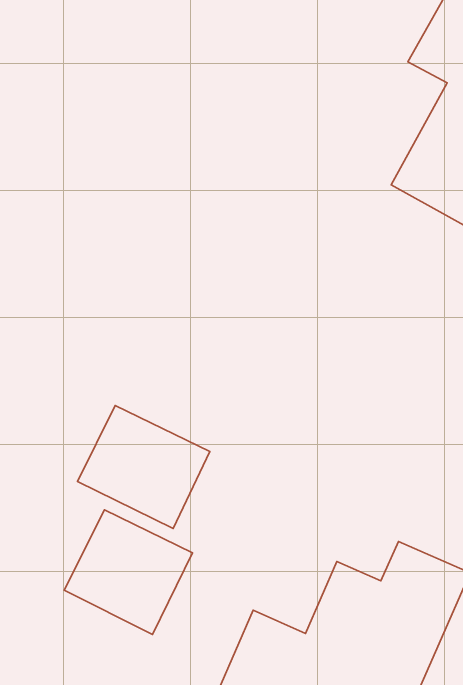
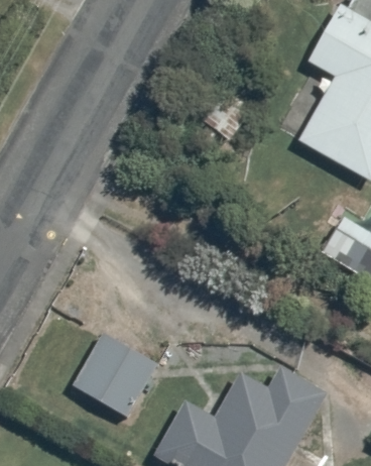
building: [77,406,210,529] -> none

